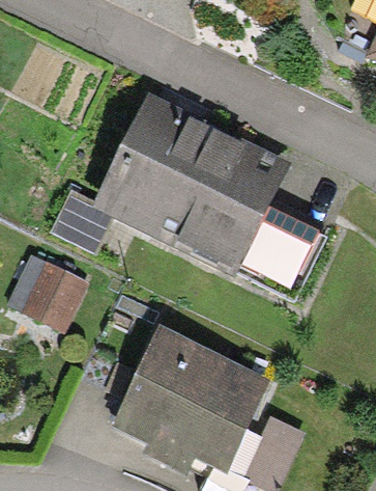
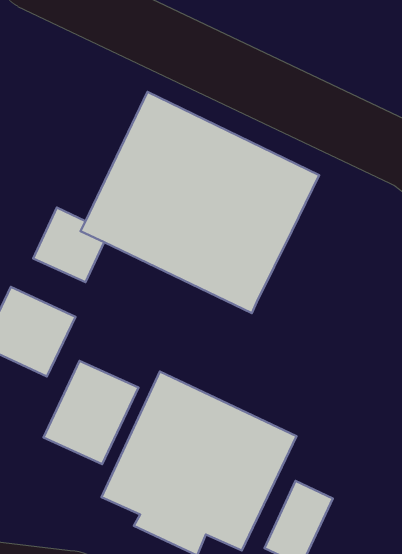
building: [239,208,321,292] -> none
building: none -> [43,361,138,464]

